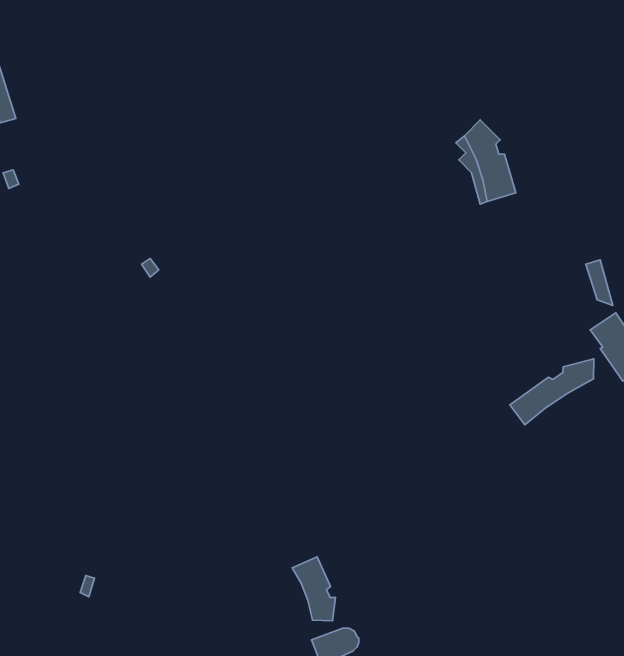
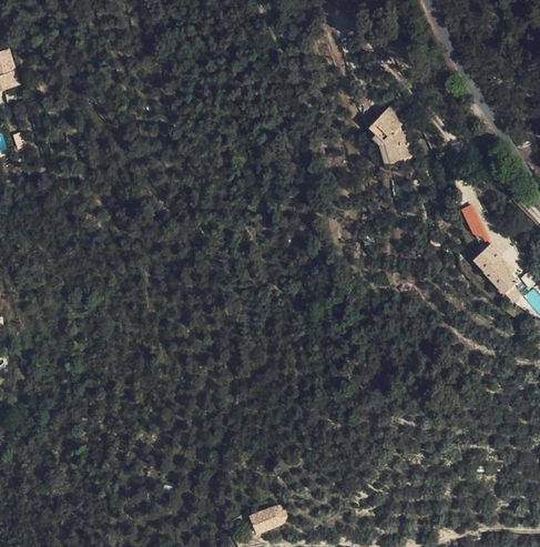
building: [510,359,594,425] -> none
building: [292,557,335,621] -> none

